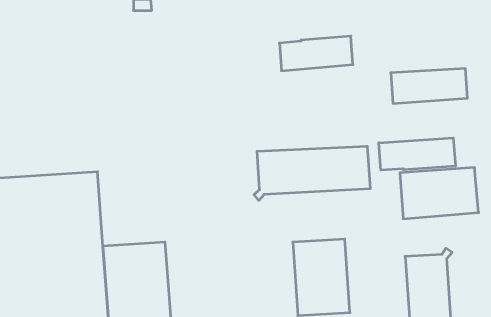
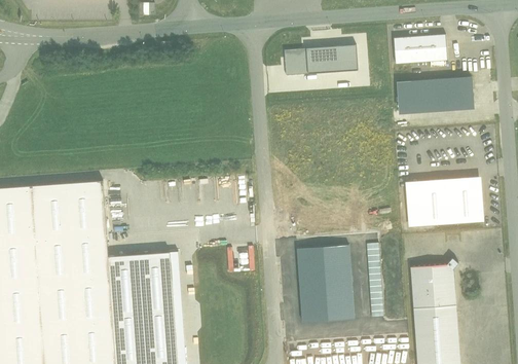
building: none -> [393,33,447,66]
building: [379,138,455,170] -> none
building: [254,146,370,200] -> none

